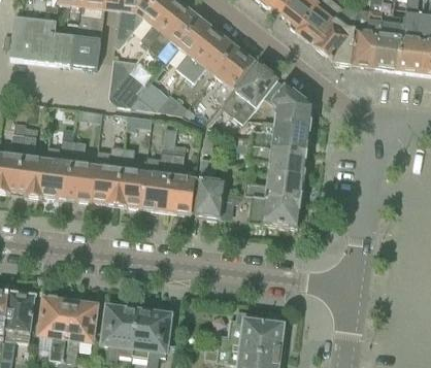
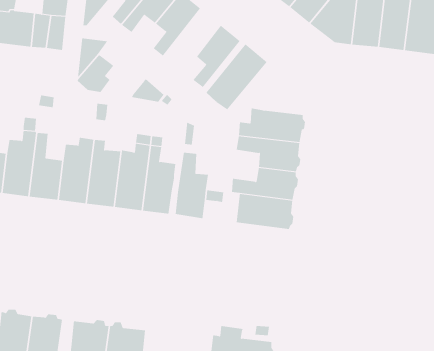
building: [186,32,236,81] -> none
building: [131,81,168,110] -> none
building: [272,86,313,126] -> none

